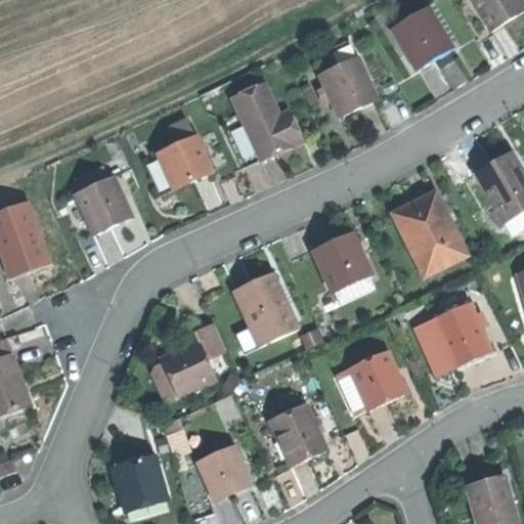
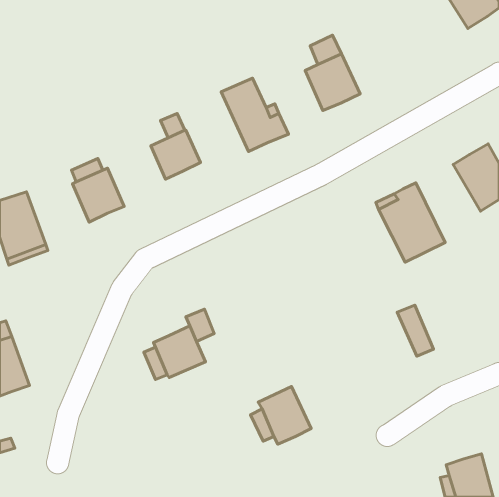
building: [391,5,452,69] -> none
building: [313,232,370,292] -> none
building: [232,272,298,346] -> none
building: [434,304,489,365] -> none
building: [349,351,404,409] -> none
building: [199,446,250,498] -> none
building: [112,454,166,506] -> none

